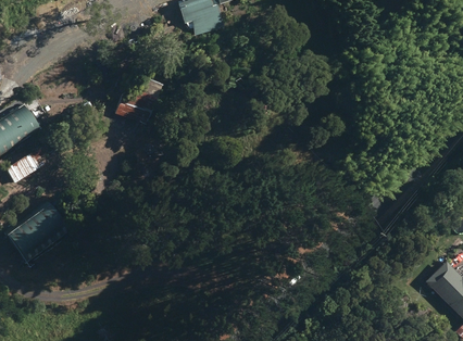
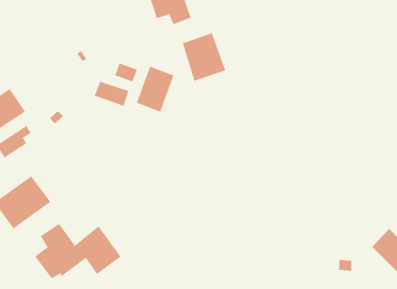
building: none -> [182,32,226,81]
building: none -> [136,66,174,112]
building: none -> [35,223,121,279]

